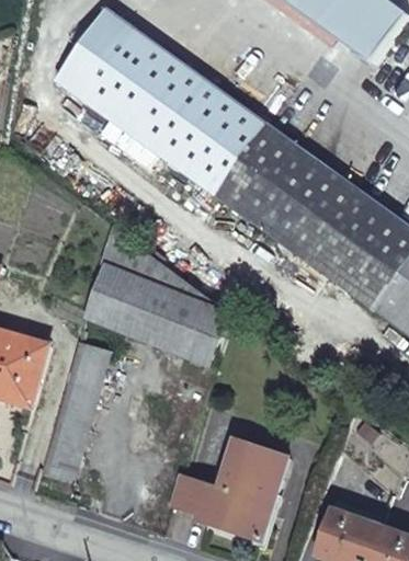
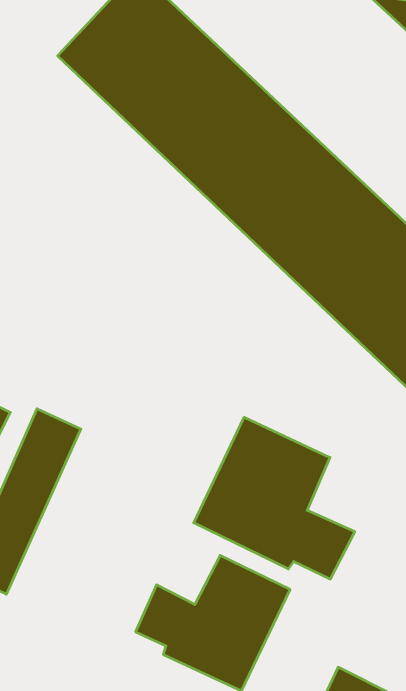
building: [82,226,225,368] -> none
building: none -> [194,417,355,579]

